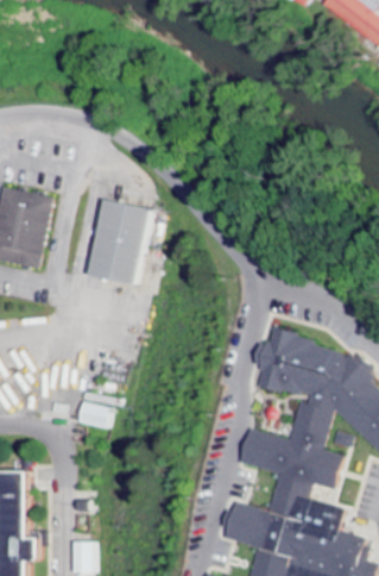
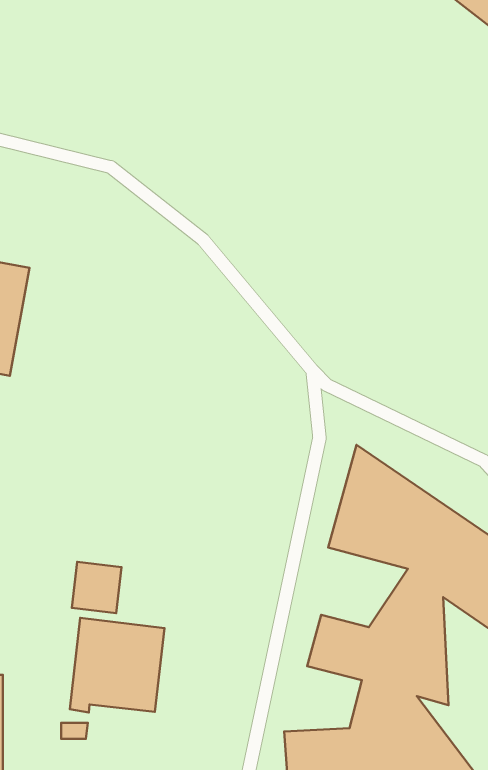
building: [90,199,152,284] -> none
building: none -> [70,618,164,713]

